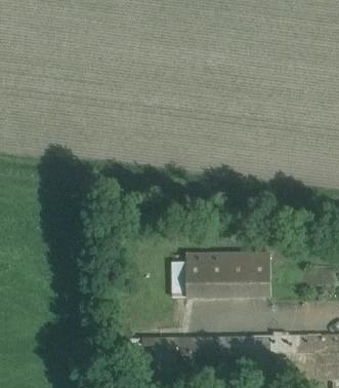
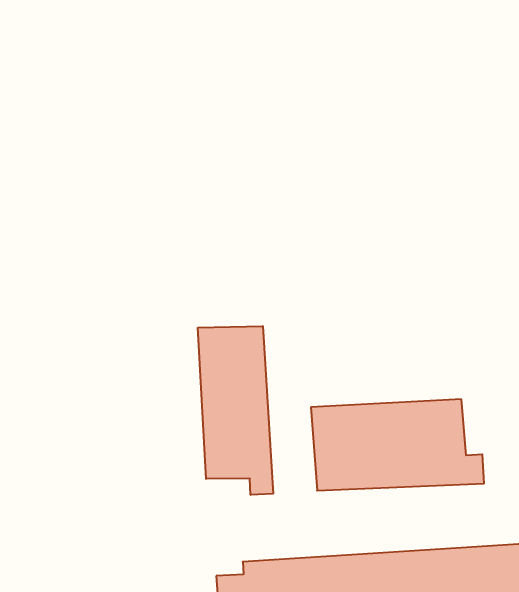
building: none -> [198,326,273,495]

